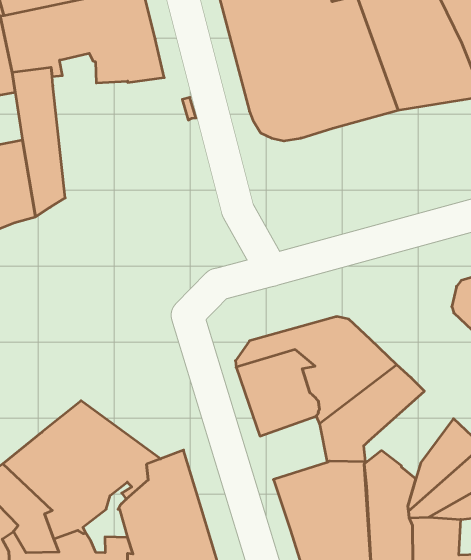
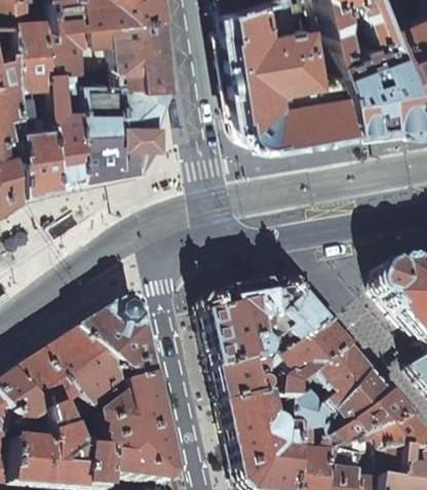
building: none -> [86,81,173,169]
building: none -> [84,296,160,379]
building: none -> [305,346,373,414]
building: none -> [221,358,271,404]

